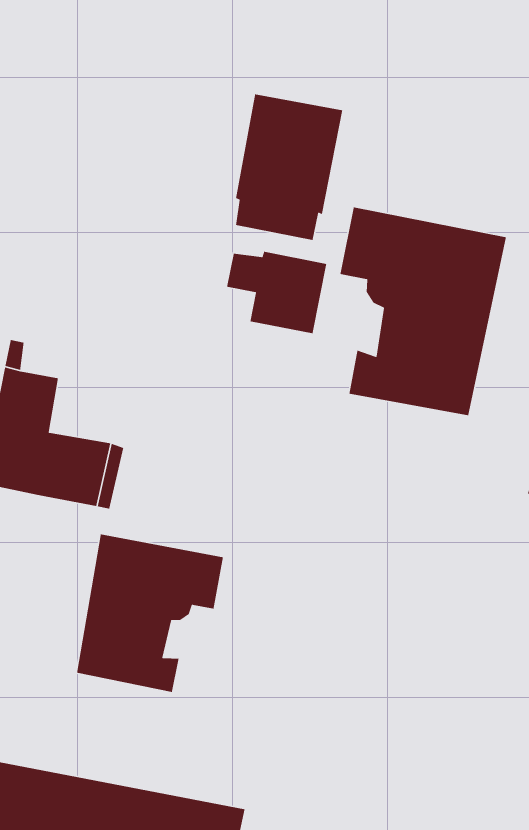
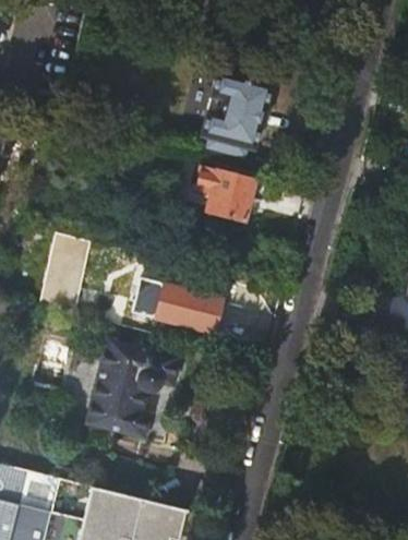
building: [339,207,507,416] -> none
building: none -> [143,280,224,333]

